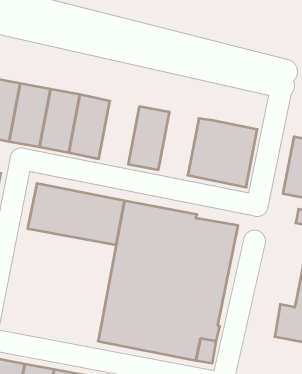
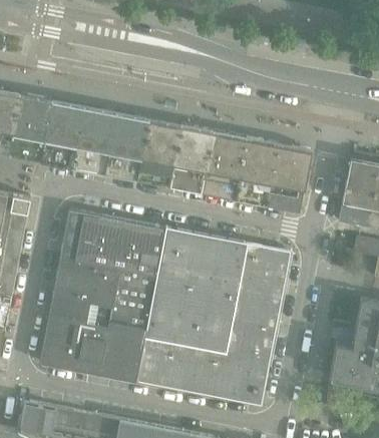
building: none -> [137,120,181,189]
building: none -> [203,132,247,201]
building: none -> [39,260,156,383]

